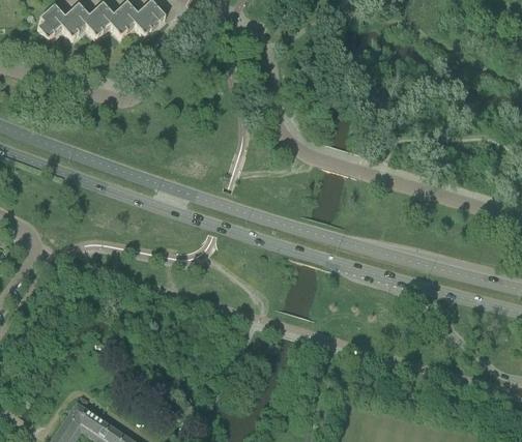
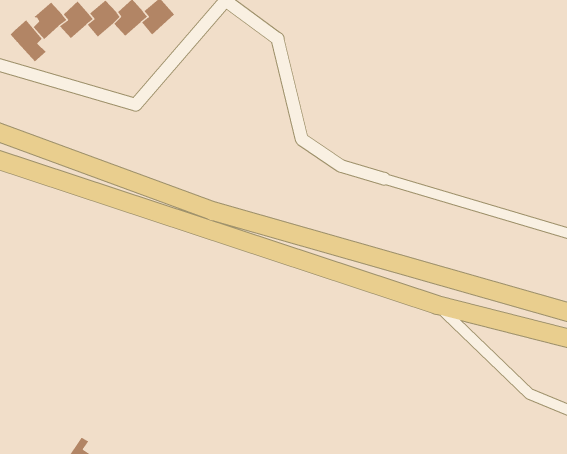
building: none -> [10,20,47,62]

